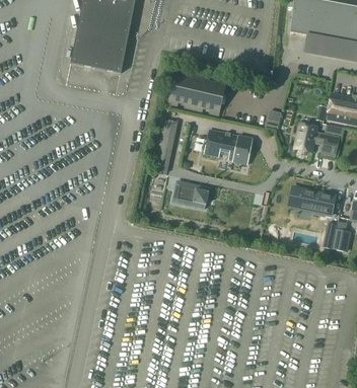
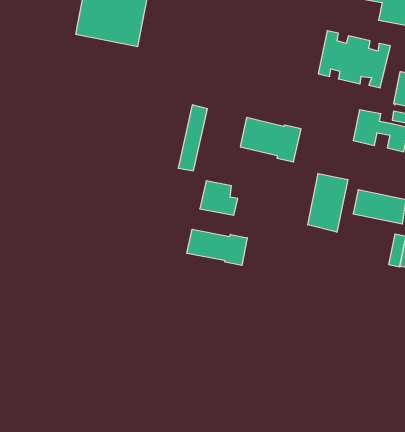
building: [168,70,226,115] -> [318,31,390,88]
building: none -> [308,173,348,232]
building: none -> [187,229,247,265]

